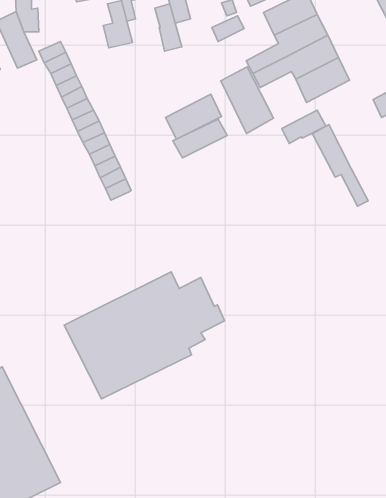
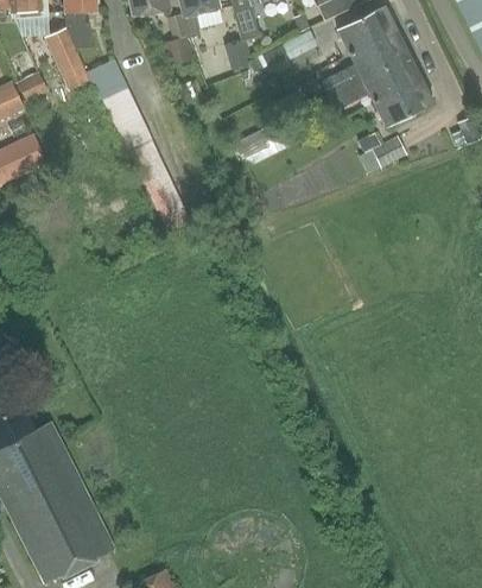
building: [221,67,274,133] -> none
building: [173,119,227,158] -> none
building: [312,124,368,206] -> none
building: [64,272,225,399] -> none

